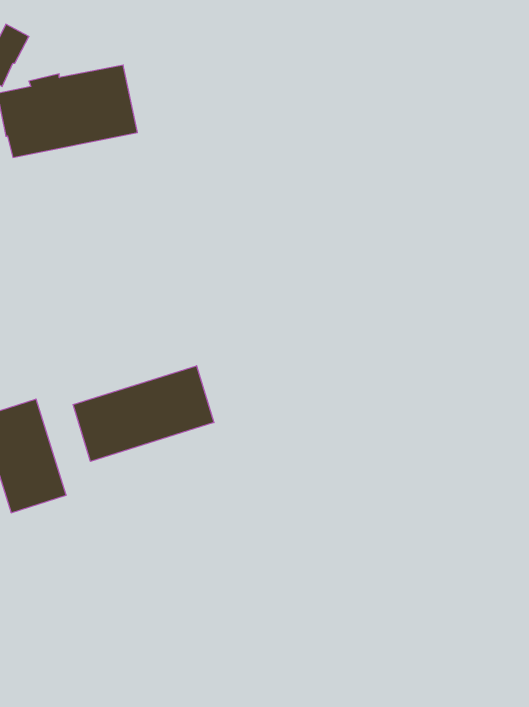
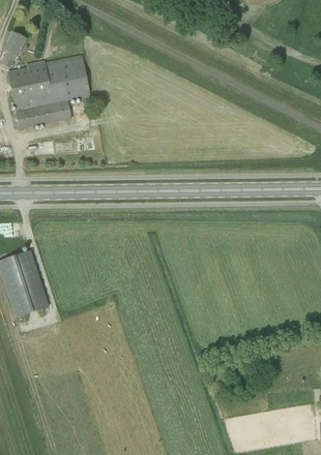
building: none -> [14,100,71,129]
building: [73,366,214,461] -> none

